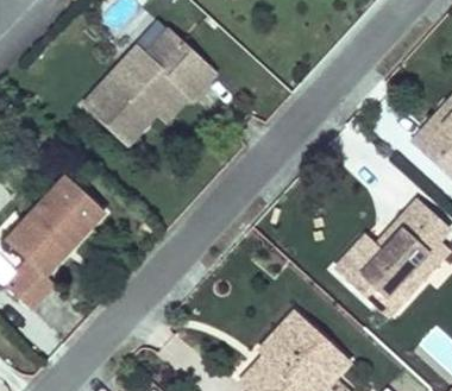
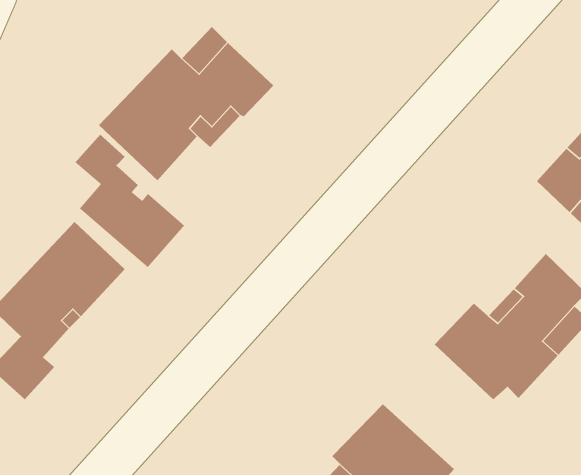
building: none -> [74,134,185,268]

